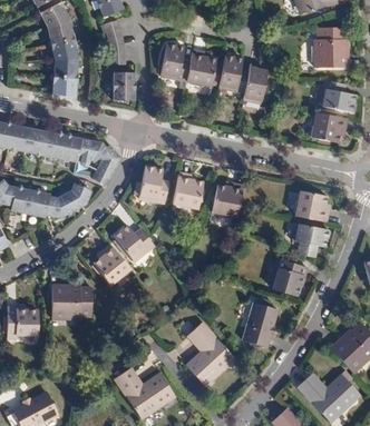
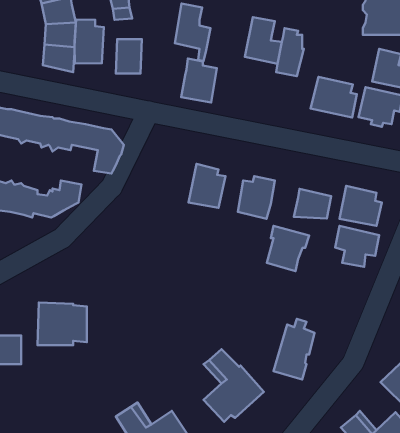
building: [187,49,216,85] -> [181,59,217,103]
building: none -> [75,19,104,64]
building: none -> [311,77,357,118]
building: [132,166,168,204] -> none
building: none -> [294,189,331,218]
building: [114,225,155,261] -> none
building: [95,244,130,284] -> none
building: [271,258,305,295] -> [267,226,309,271]

